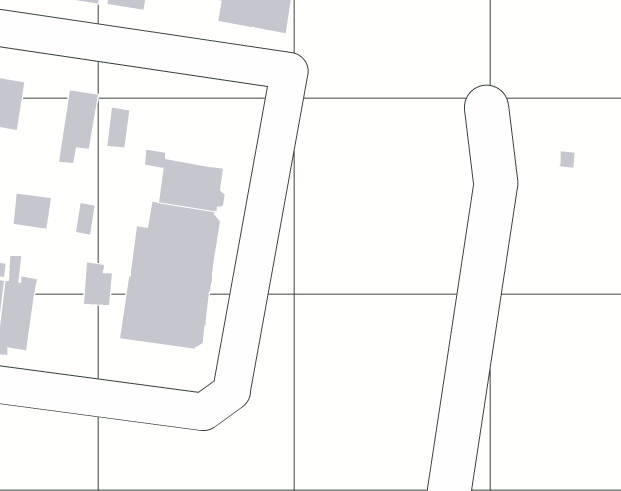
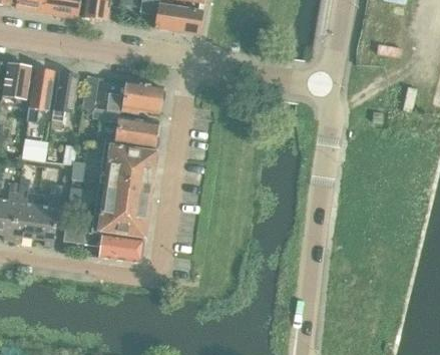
building: none -> [27,67,53,119]
building: none -> [108,81,165,113]
building: none -> [32,184,61,246]
building: none -> [64,228,144,262]

